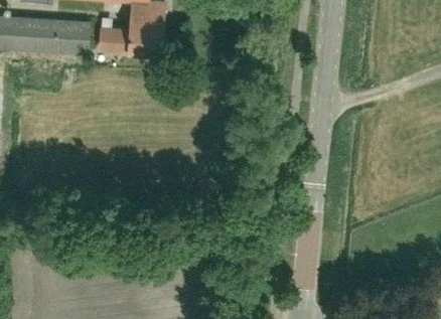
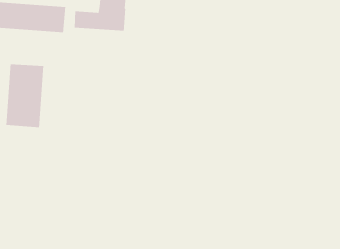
building: none -> [5,64,44,128]

